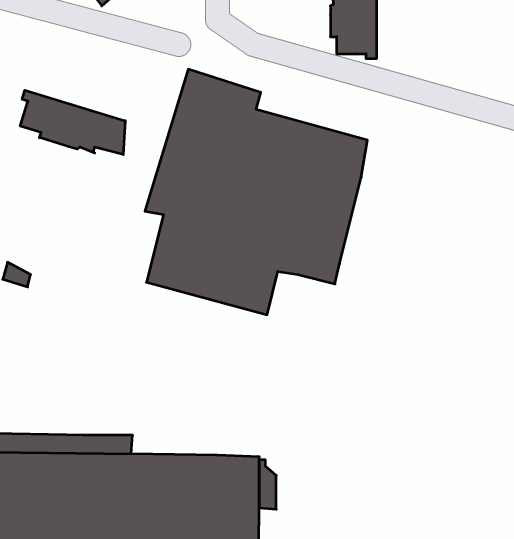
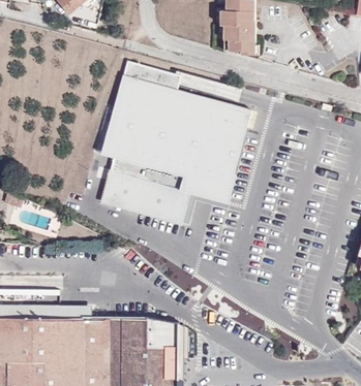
building: [20,90,125,155] -> none

